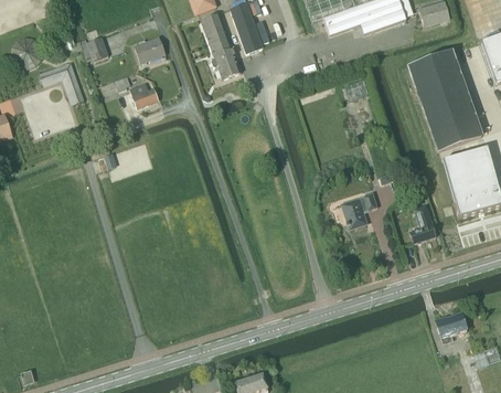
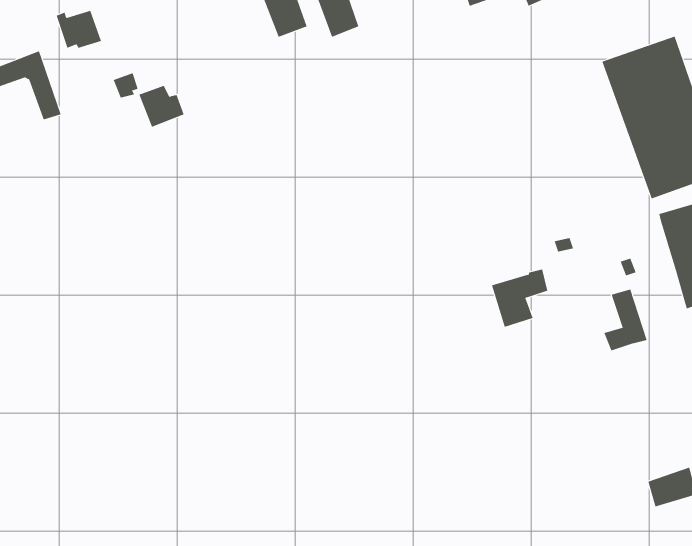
building: [135,35,166,62] -> none
building: [212,46,242,78] -> none

